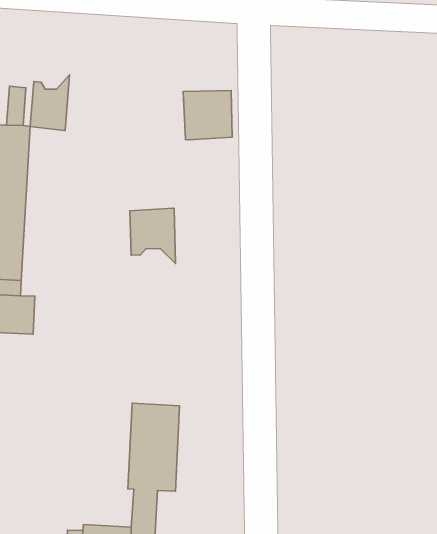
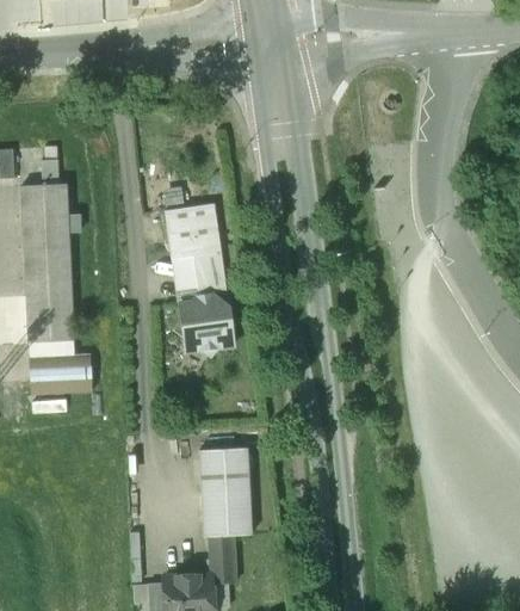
building: [30,75,69,130] -> none
building: [183,91,232,140] -> [165,204,218,258]
building: none -> [173,292,233,357]

